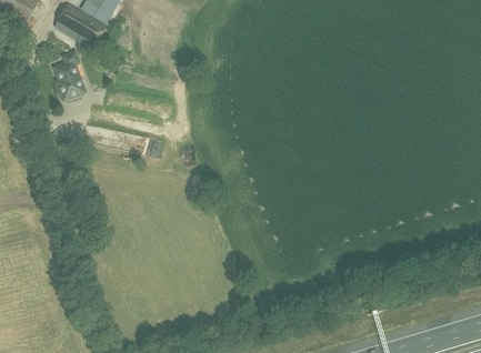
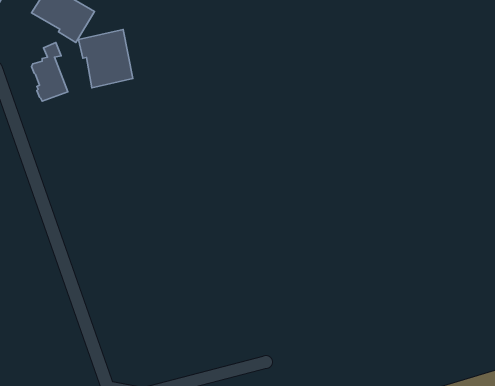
building: none -> [78,29,133,88]

